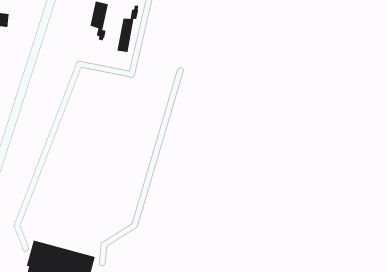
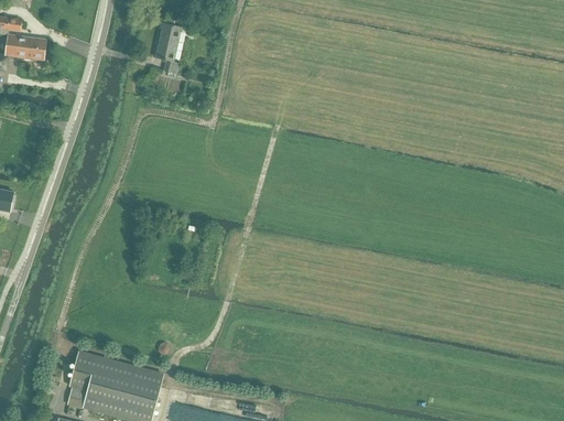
building: [117,5,139,53] -> none

